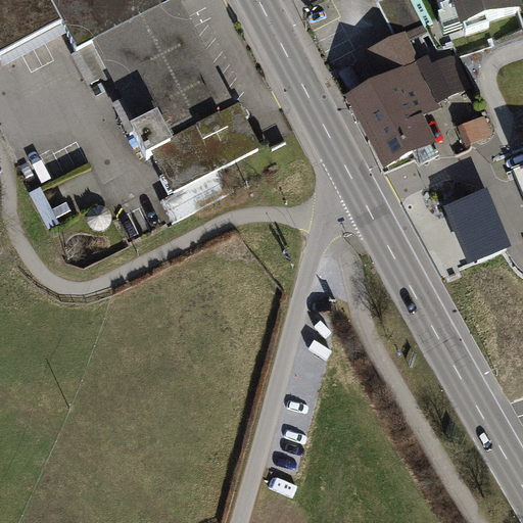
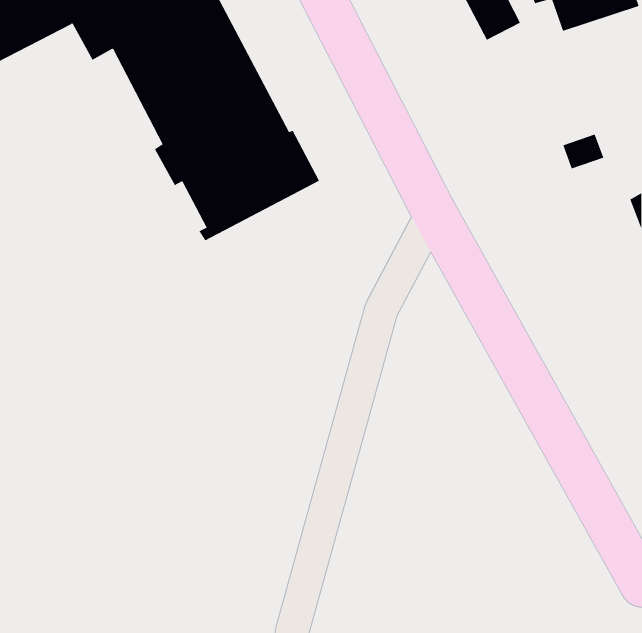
building: [346,31,470,163] -> none
building: [441,183,508,258] -> none

